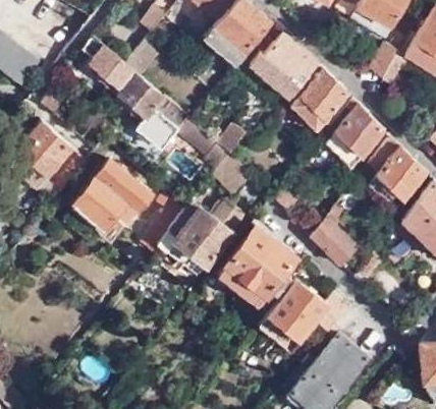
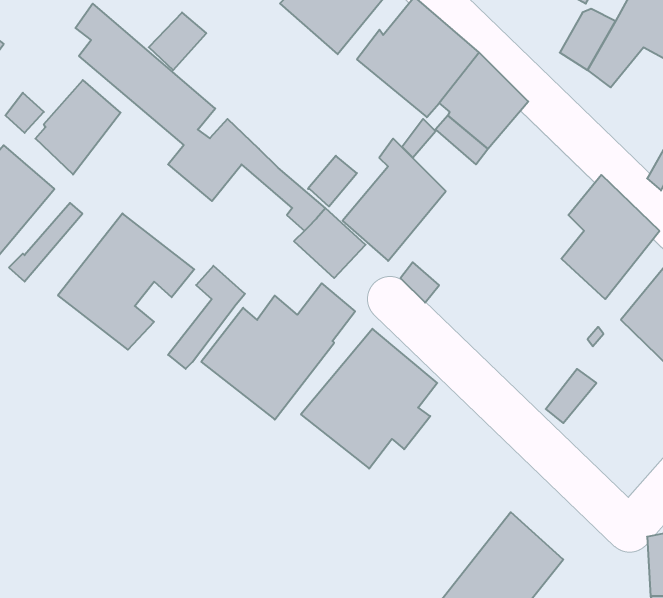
building: none -> [35,80,121,175]
building: [324,100,384,171] -> [343,139,446,261]
building: [310,200,357,265] -> none
building: [259,283,342,354] -> none

